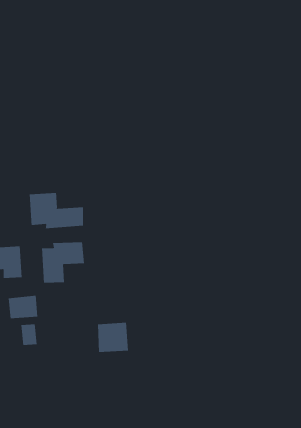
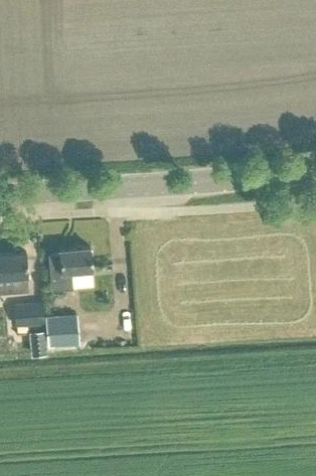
building: [29,192,83,229] -> none
building: [97,322,129,353] -> [46,318,78,349]

